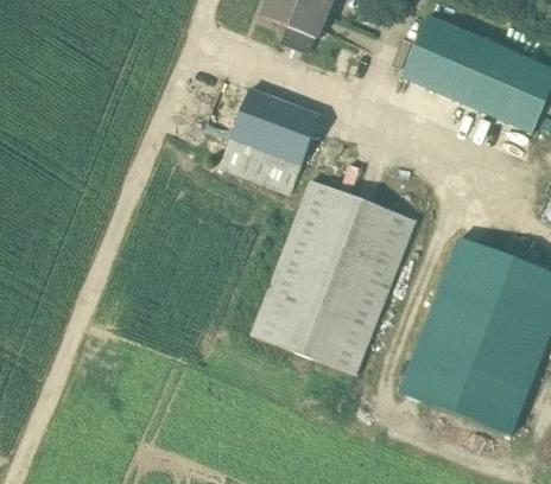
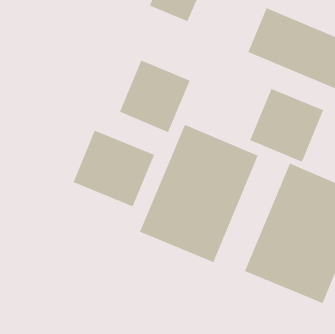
building: none -> [249,88,324,162]
building: none -> [73,130,155,207]

